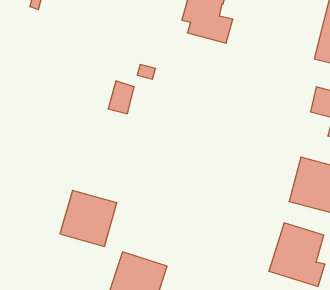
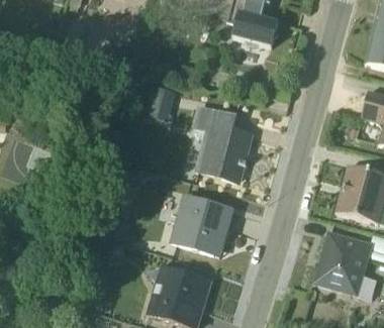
building: none -> [193,107,250,181]
building: [60,190,117,246] -> [171,196,230,254]

